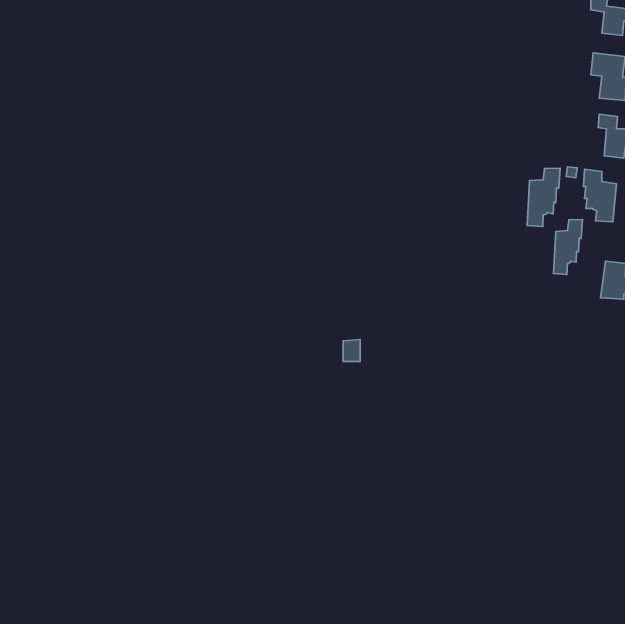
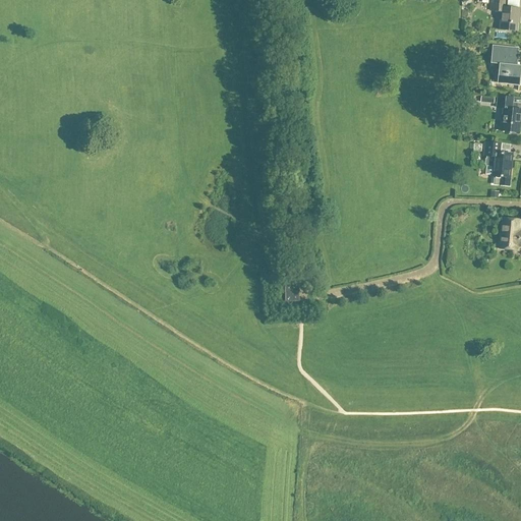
building: [527,168,560,227] -> none
building: [554,220,582,274] -> none

